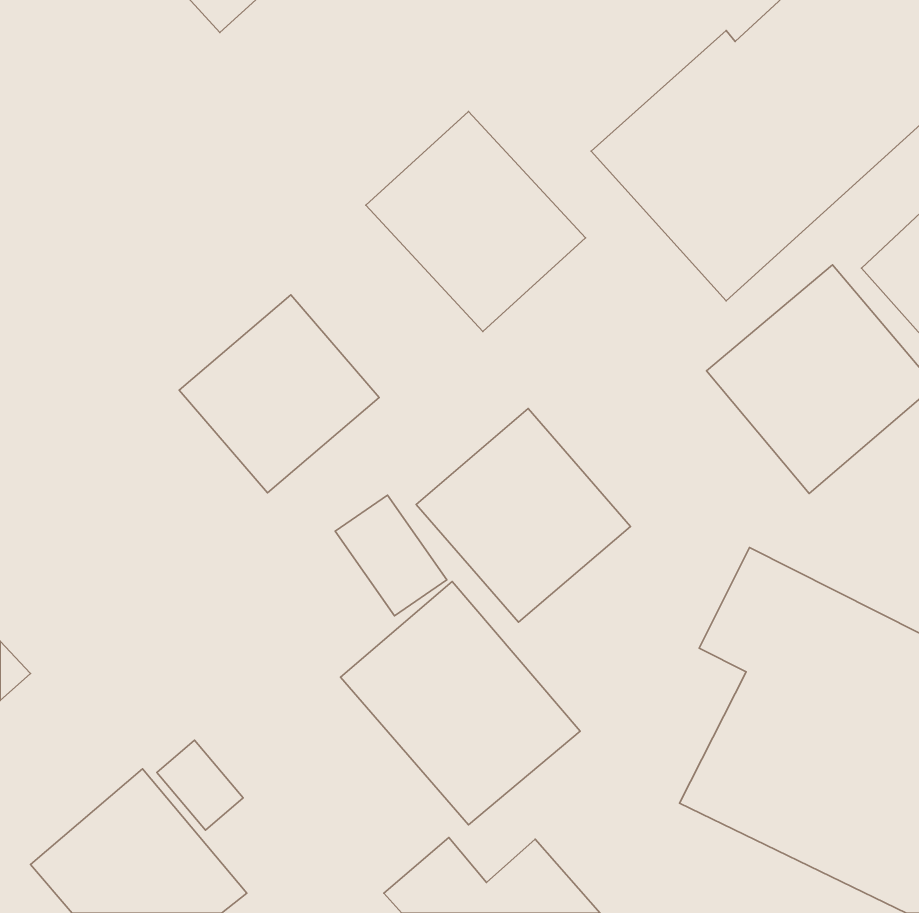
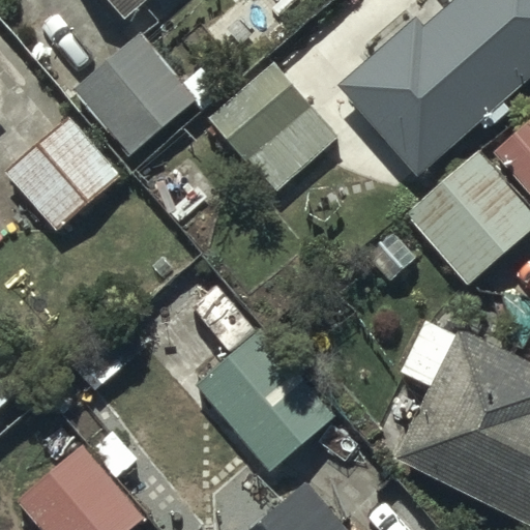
building: none -> [73,32,198,155]
building: [179,295,379,493] -> [5,117,120,231]
building: [416,409,630,622] -> none

